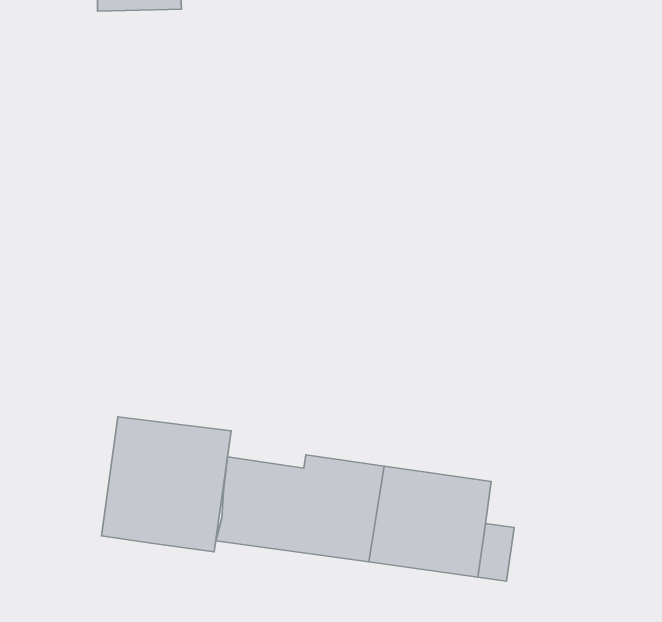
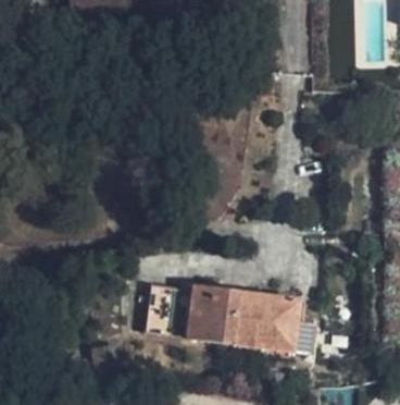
building: [101,417,231,552] -> none

